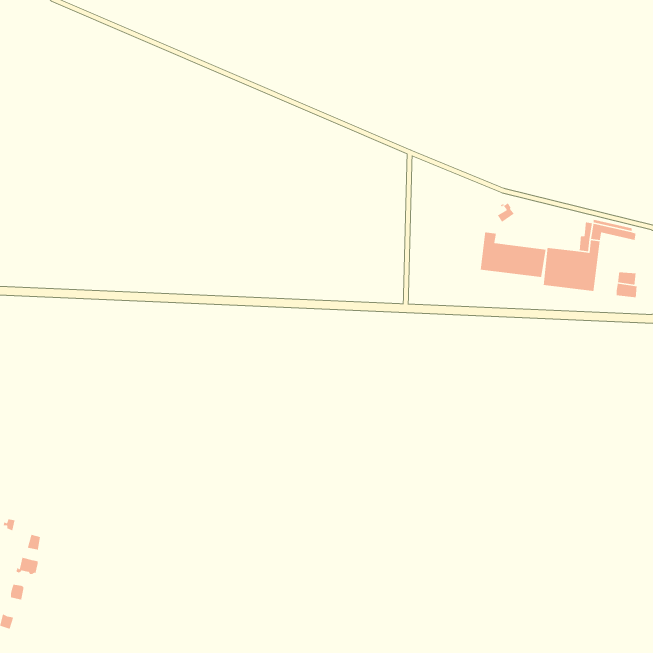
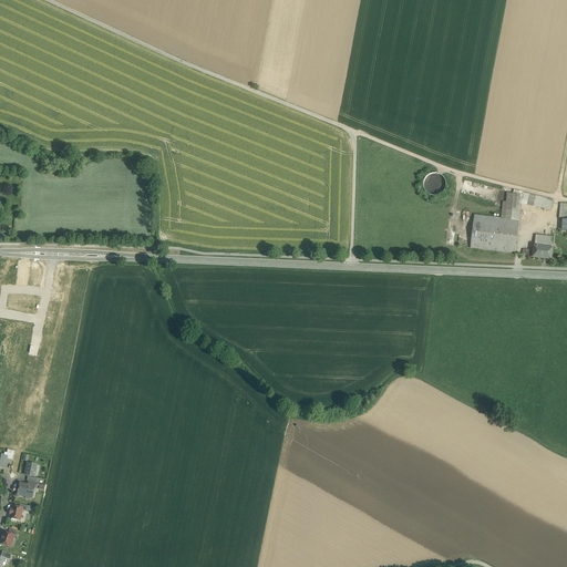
building: [480,232,547,278] -> none

